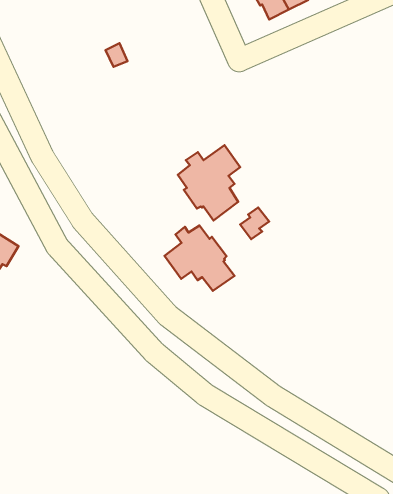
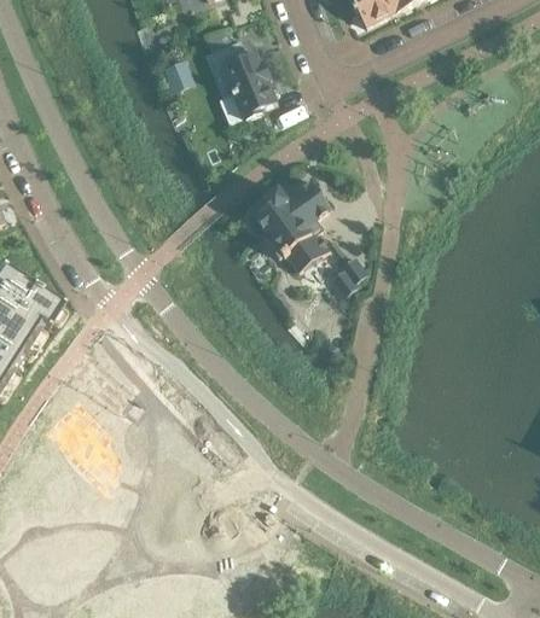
building: none -> [204,28,277,119]
building: [164,226,234,291] -> none

